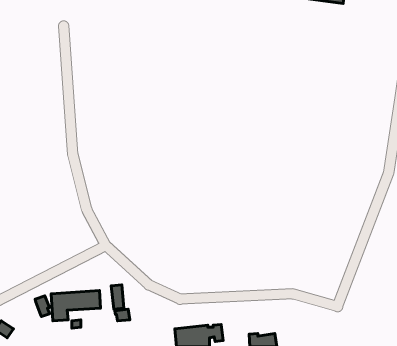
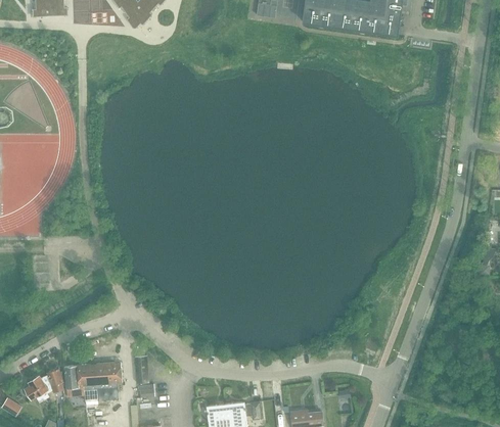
building: none -> [25,375,52,399]

